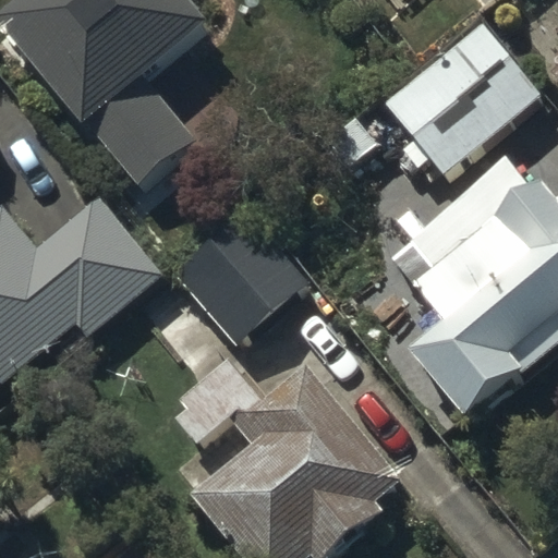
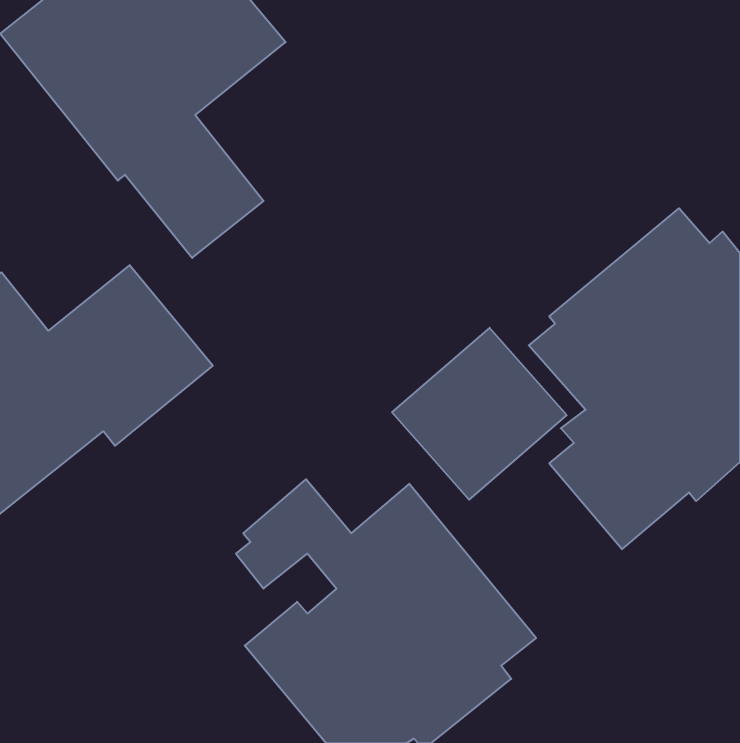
building: [389,31,542,182] -> none
building: [179,215,310,343] -> [392,328,567,500]

